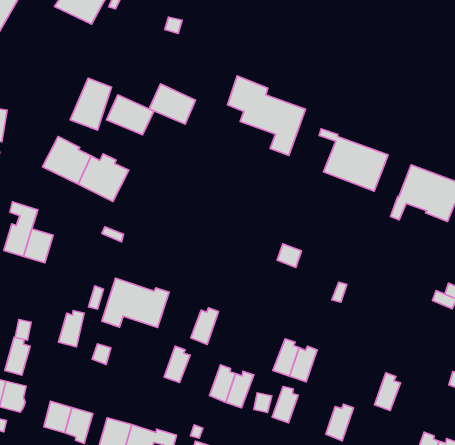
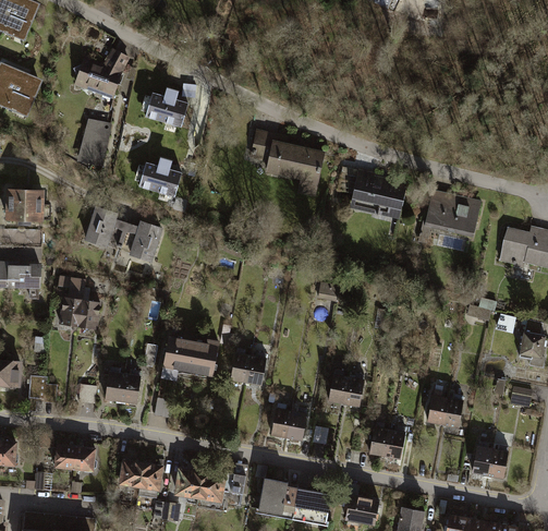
building: [70,78,111,130] -> [76,119,111,167]
building: [149,84,195,124] -> [145,92,187,126]
building: [5,337,30,375] -> [105,367,125,402]
building: [164,346,190,383] -> [230,348,252,382]
building: none -> [442,395,465,429]
building: [272,386,298,423] -> [368,422,390,456]

